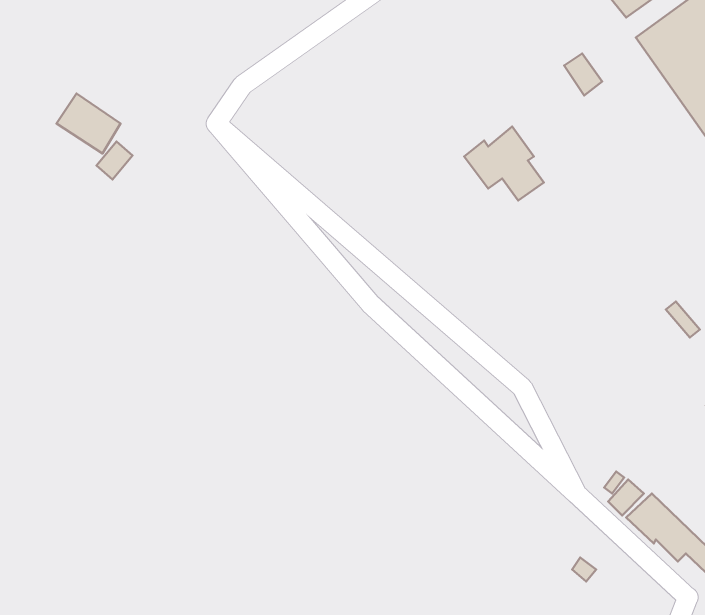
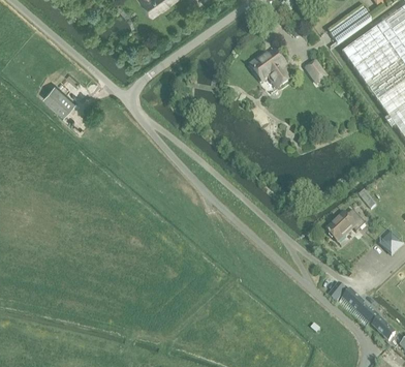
building: [464,126,544,200] -> [250,49,291,87]
building: none -> [325,208,365,241]

